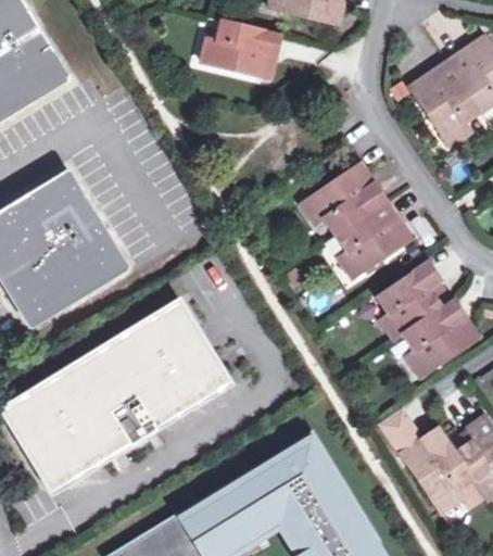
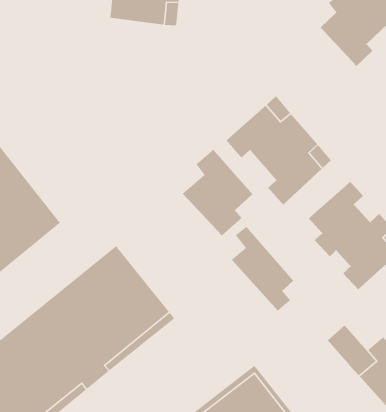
building: none -> [182,149,253,236]
building: none -> [231,226,294,312]

